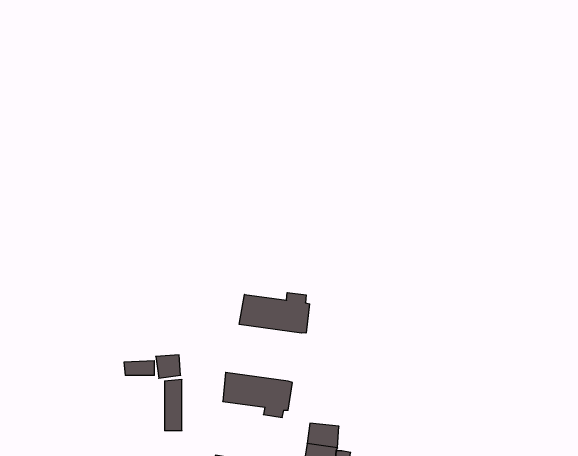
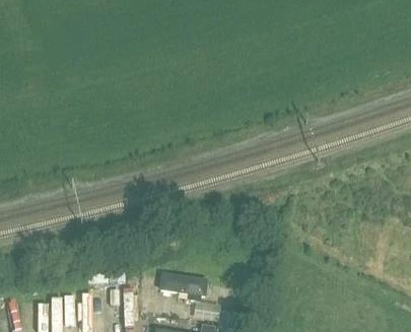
building: [239,293,310,333] -> none

